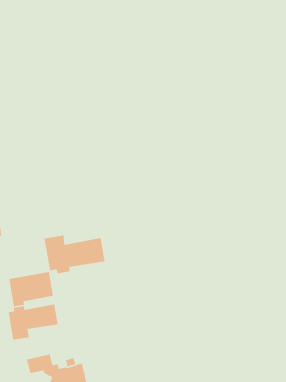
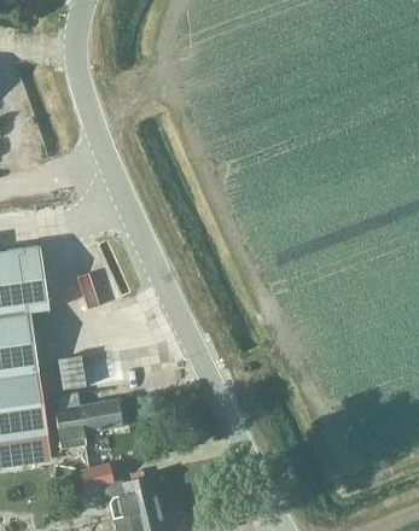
building: [43,234,105,274] -> none

